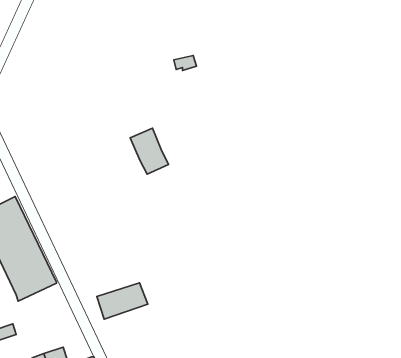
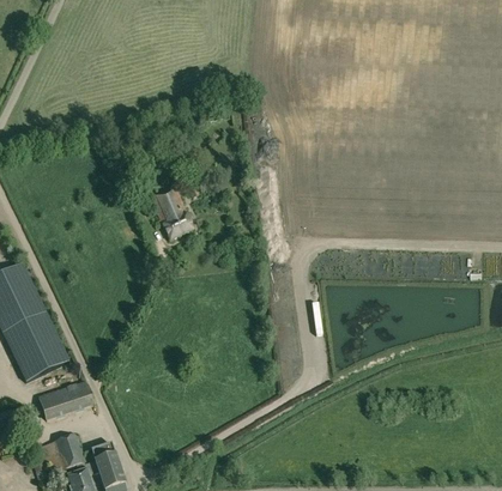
building: [97,283,148,319] -> [38,380,96,420]

